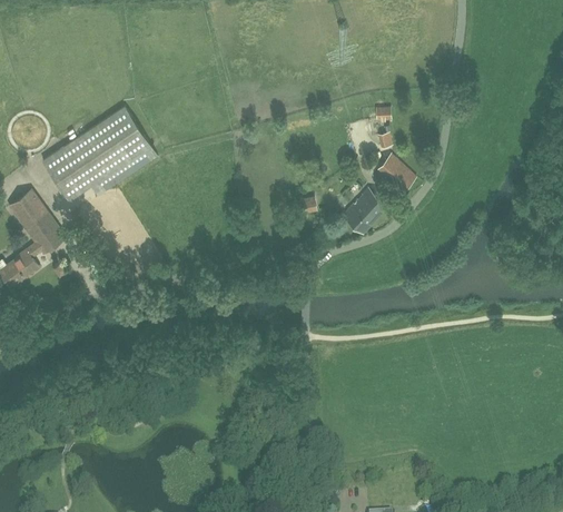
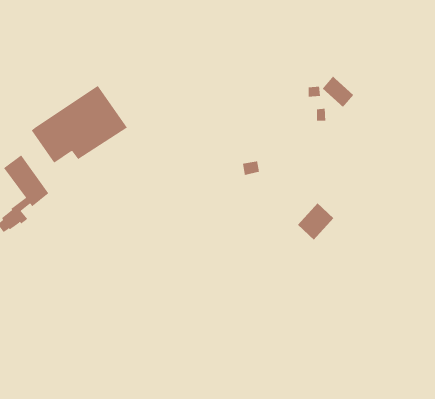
building: [376,154,415,193] -> [322,76,354,108]
building: [342,188,386,234] -> [297,203,334,240]

